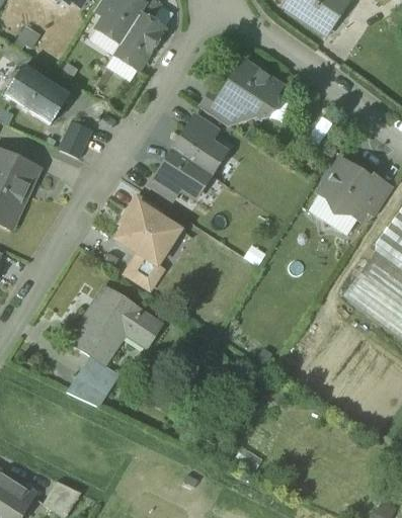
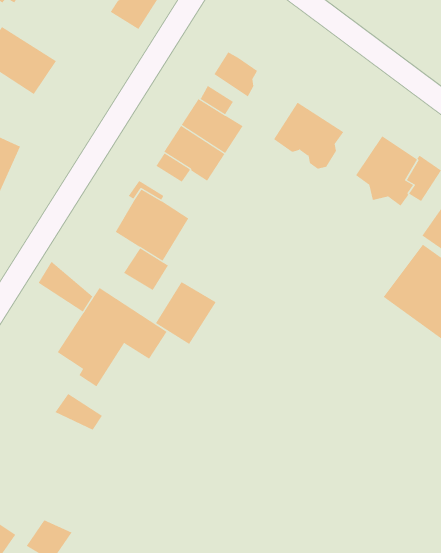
building: [222,62,282,118] -> [273,102,344,169]
building: [59,121,92,159] -> none
building: none -> [38,261,93,312]
building: none -> [155,281,216,345]
building: [78,360,116,395] -> none

